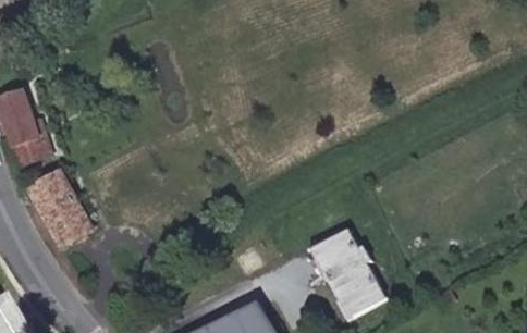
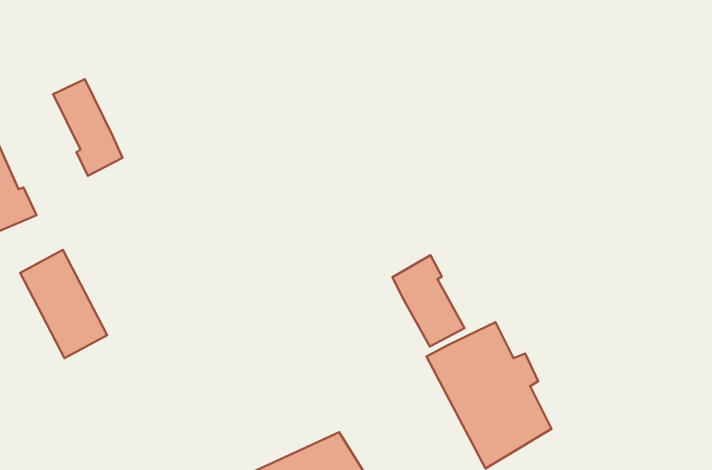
building: none -> [53,79,122,176]
building: none -> [392,255,465,346]

